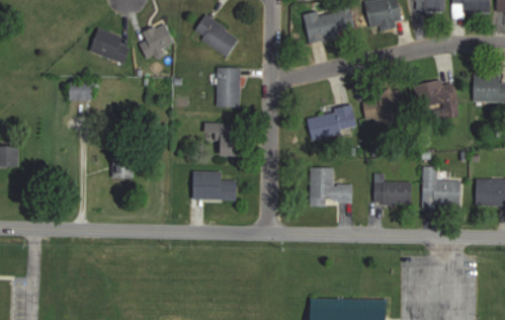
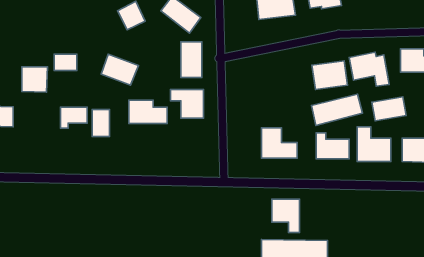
building: [89,27,133,64] -> [101,54,138,85]
building: none -> [22,67,47,92]
building: [304,103,363,140] -> [311,94,363,125]
building: none -> [372,97,406,121]
building: none -> [61,107,87,128]
building: [192,172,237,199] -> [129,100,167,124]
building: none -> [272,199,299,233]

